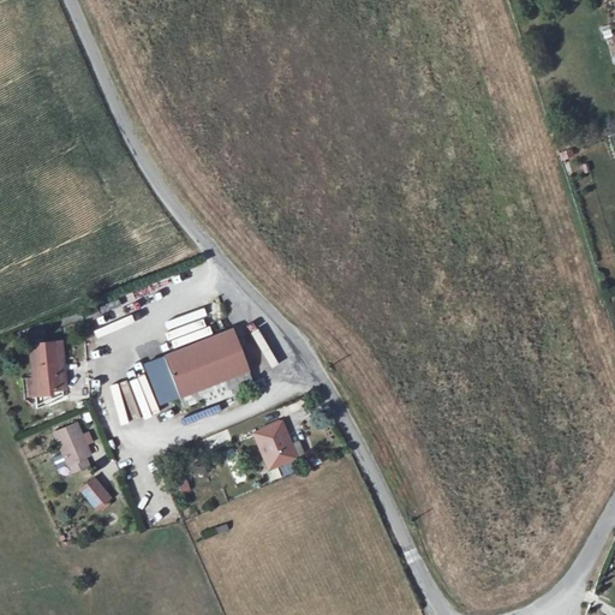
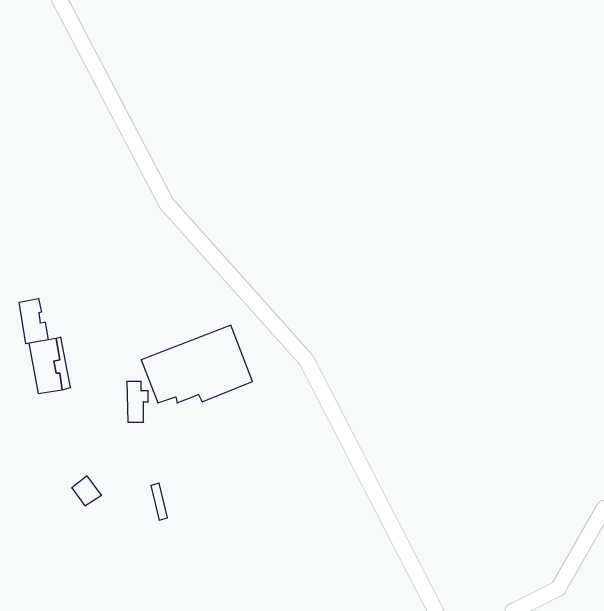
building: none -> [19,298,48,344]
building: [53,422,88,468] -> none
building: [253,422,298,471] -> none

